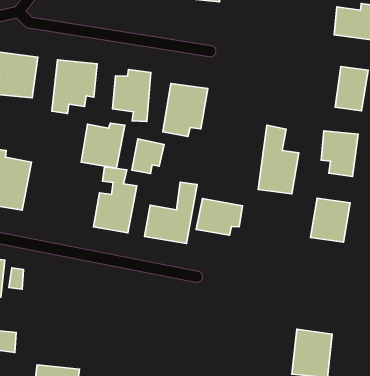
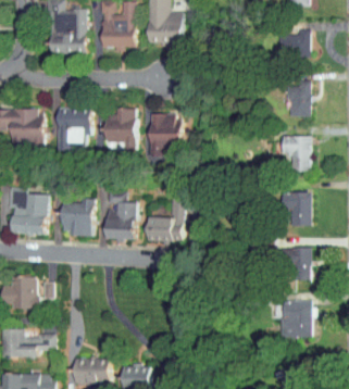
building: [81,123,125,168] -> [61,199,92,235]
building: [258,125,299,194] -> none
building: [132,139,164,174] -> none
building: [196,199,242,235] -> none
building: none -> [288,248,310,280]

